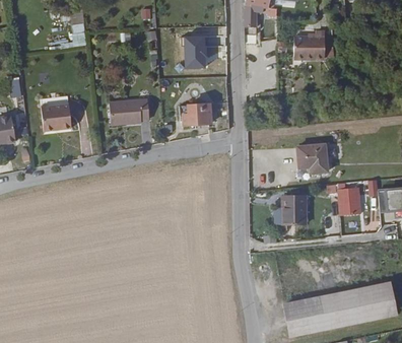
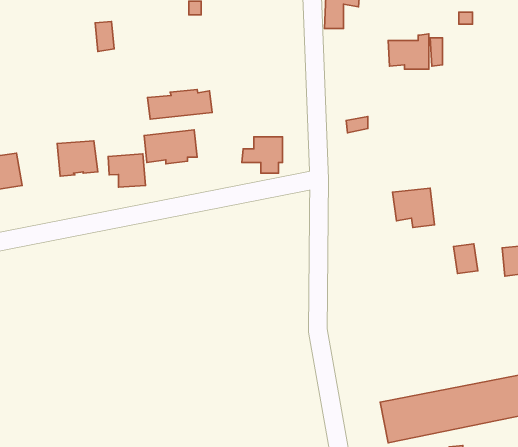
building: [179,39,204,70] -> none
building: none -> [147,90,212,119]
building: none -> [108,154,146,187]
building: [281,193,308,222] -> none

